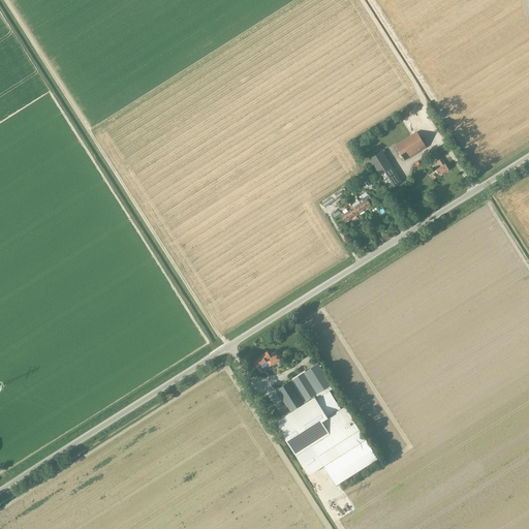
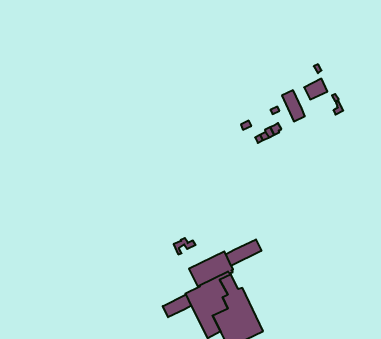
building: none -> [226,239,261,266]
building: none -> [163,295,191,317]

